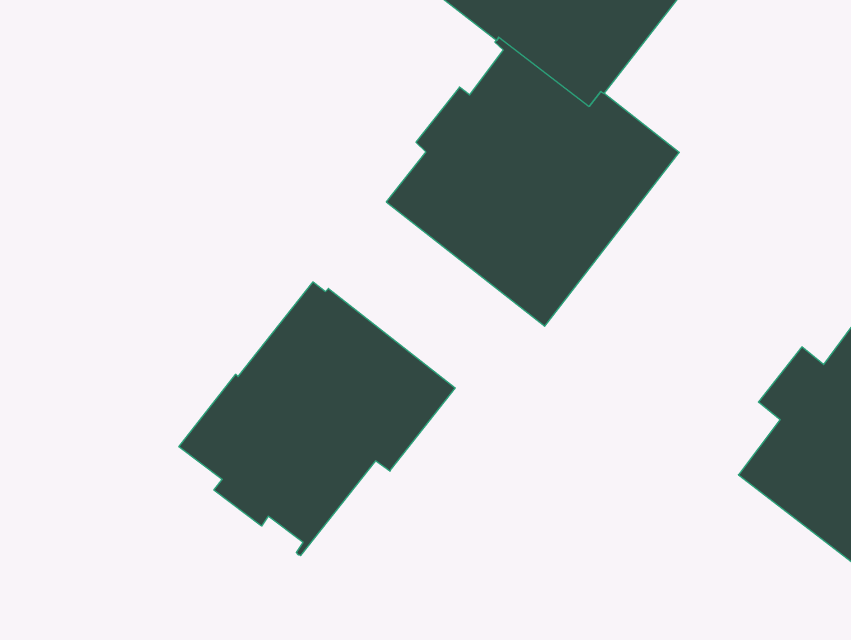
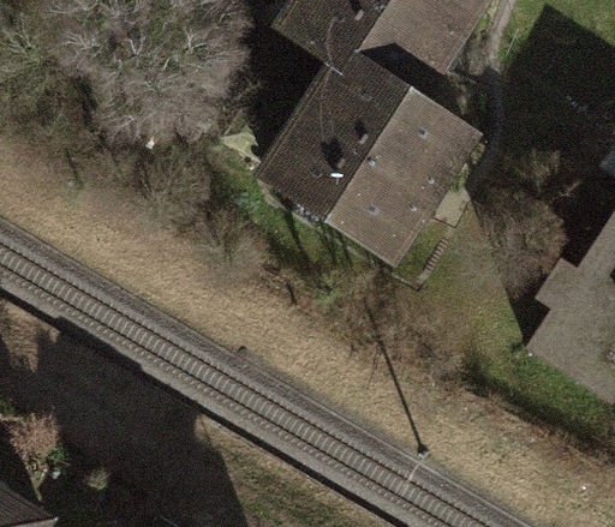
building: [179,282,455,556] -> none

